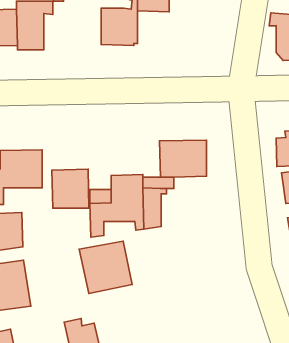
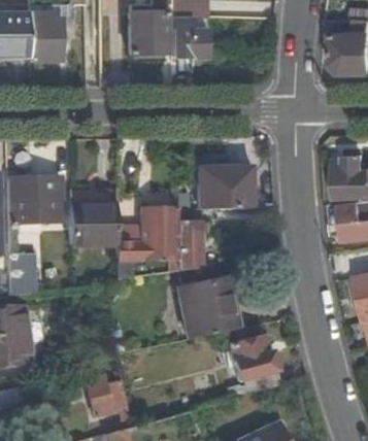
building: none -> [171,19,206,58]
building: [79,241,132,293] -> [174,277,236,338]
building: none -> [230,336,279,395]

